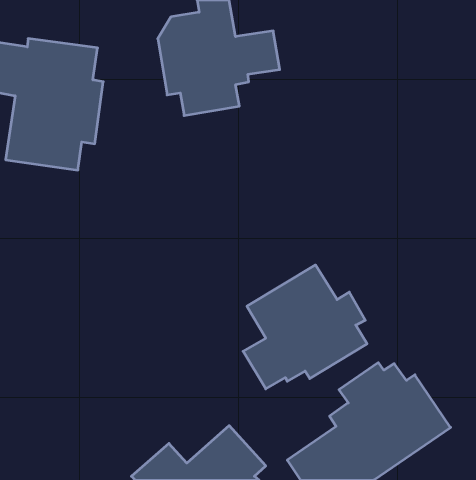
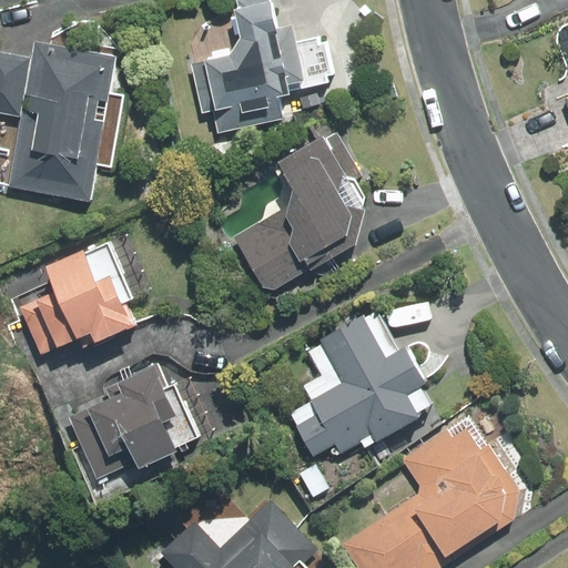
building: none -> [233,124,386,293]
building: none -> [16,241,133,355]
building: none -> [68,361,184,478]

